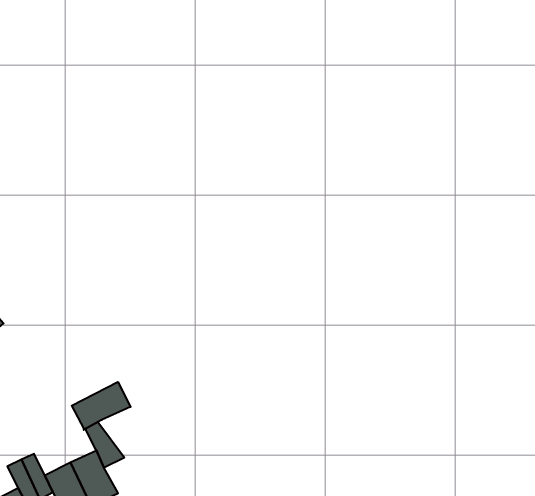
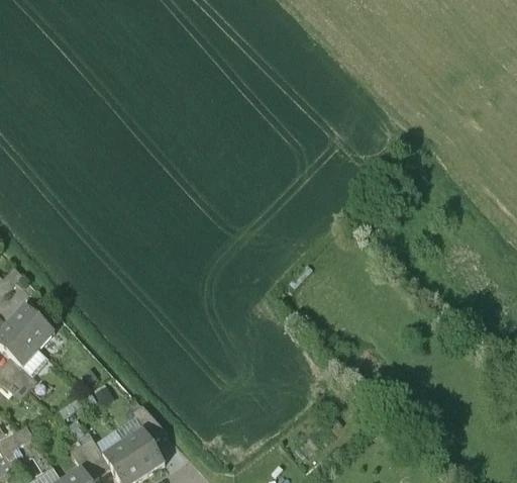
building: [72,382,131,430] -> none

